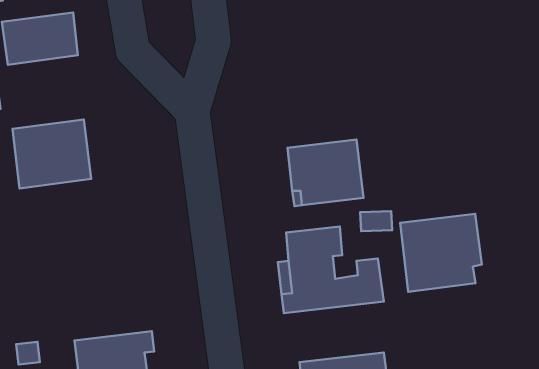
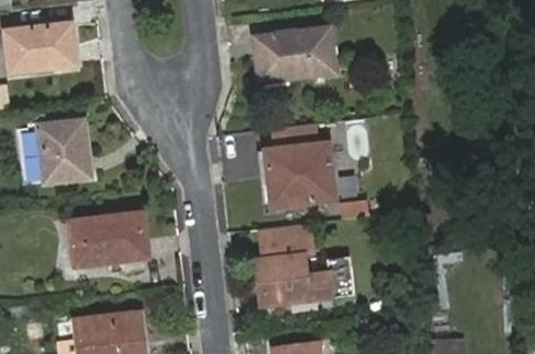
building: none -> [253,24,336,79]
building: [400,214,482,292] -> none
building: none -> [66,217,139,270]

